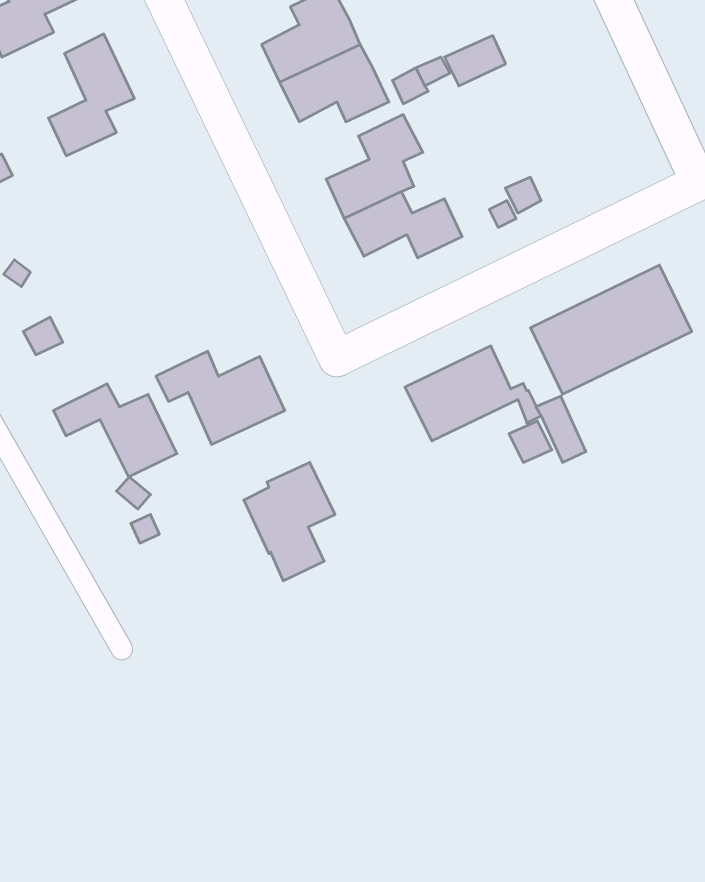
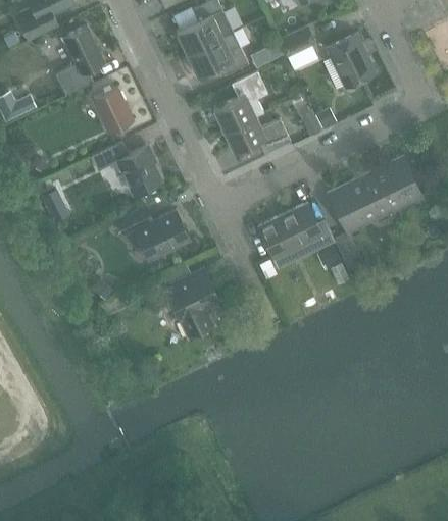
building: none -> [328,35,377,88]
building: none -> [93,87,133,133]
building: [53,384,177,477] -> [91,142,161,195]

